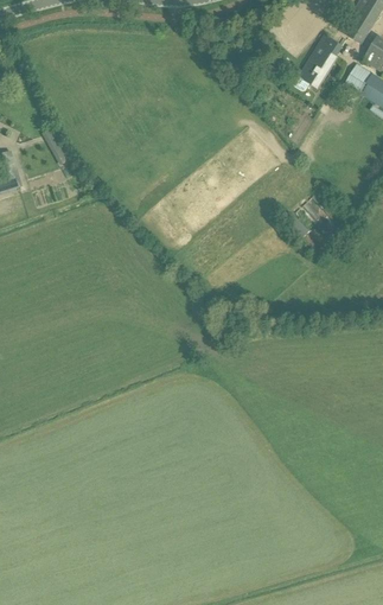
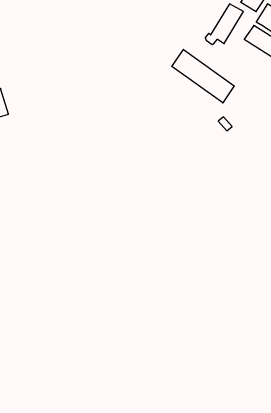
building: none -> [172,49,234,103]

